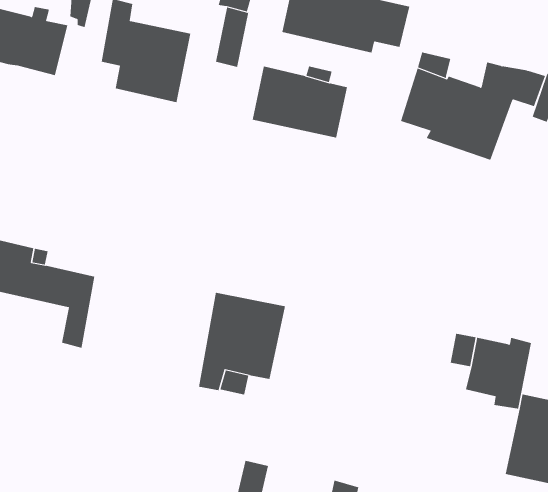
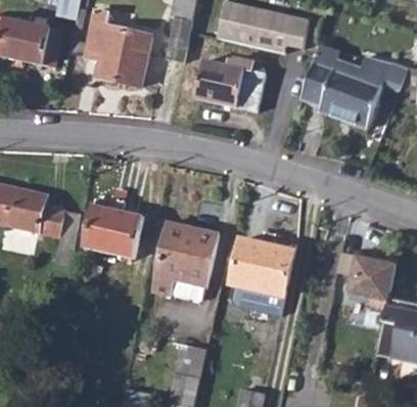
building: none -> [86,199,143,259]
building: none -> [236,235,298,314]

